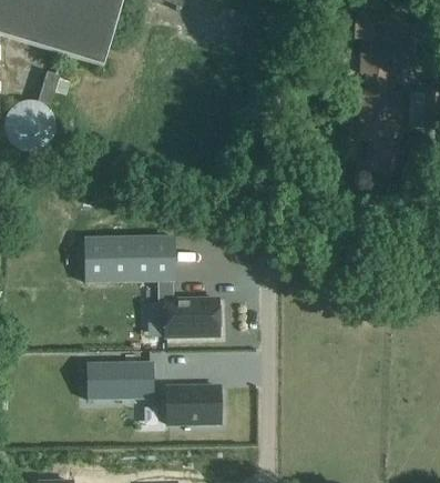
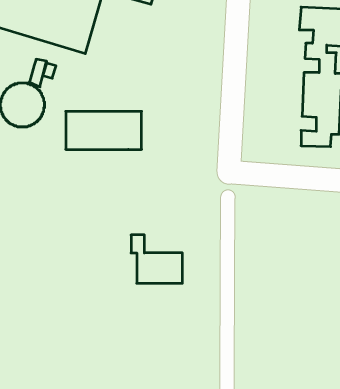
building: [85,235,174,280] -> [66,111,142,149]
building: [79,360,145,396] -> none
building: [165,385,218,423] -> none

